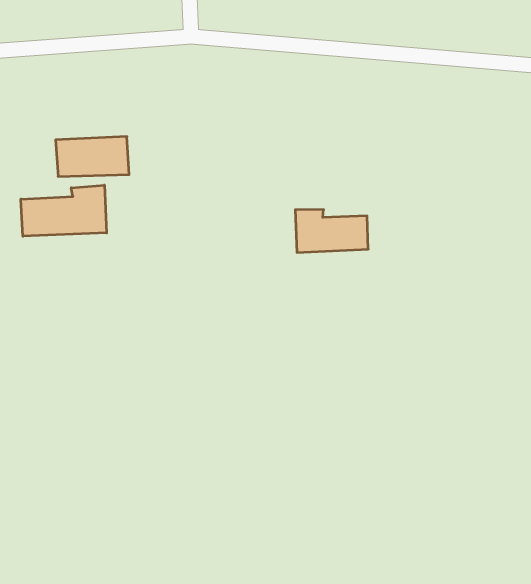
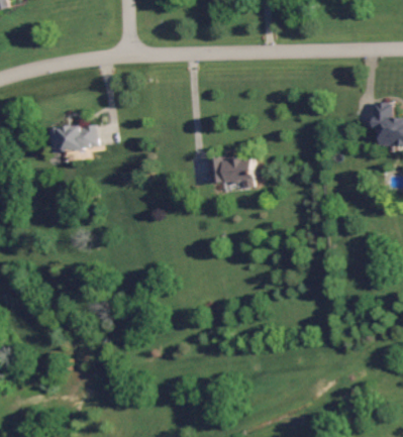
building: [21,185,107,236] -> none

